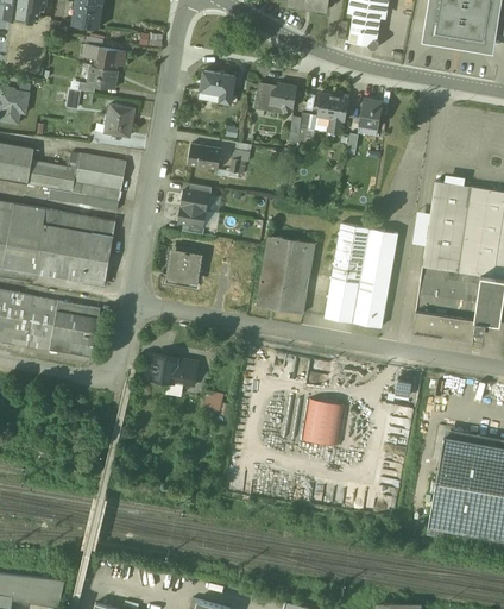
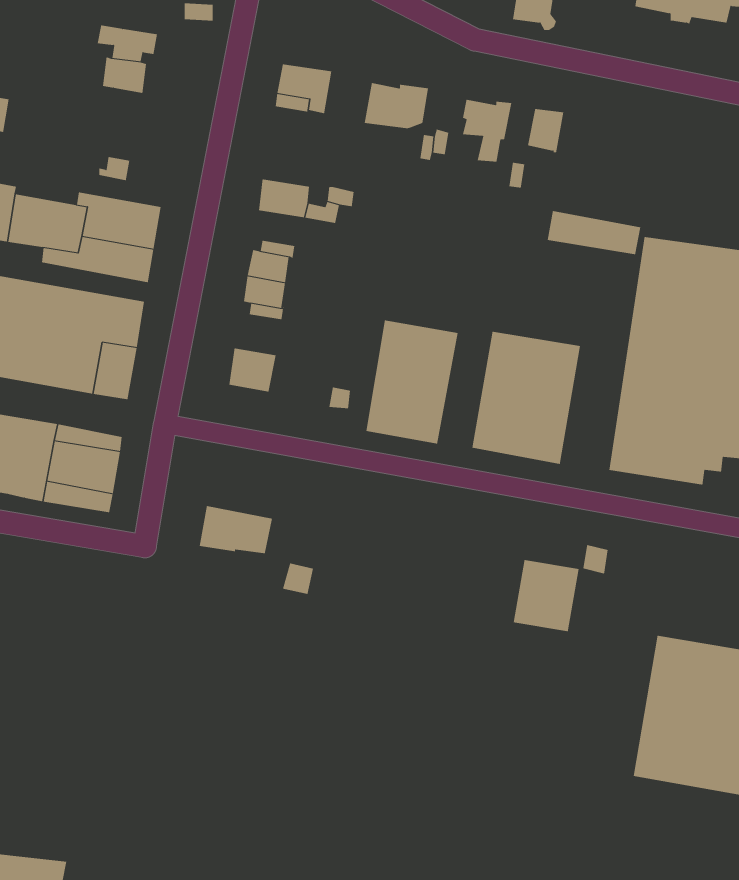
building: [108,105,134,137] -> none
building: [338,222,398,251] -> [547,210,641,255]
building: [302,398,345,445] -> [513,560,580,632]

